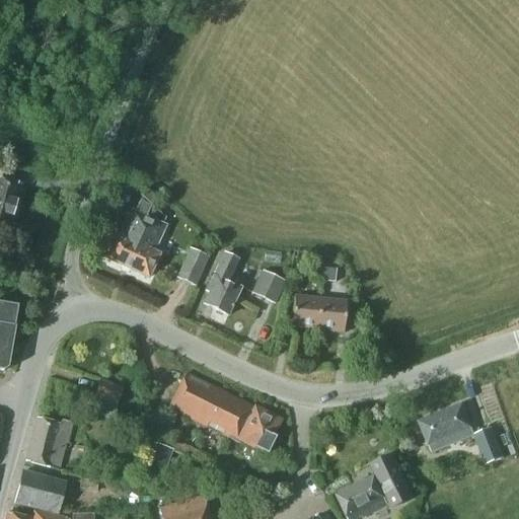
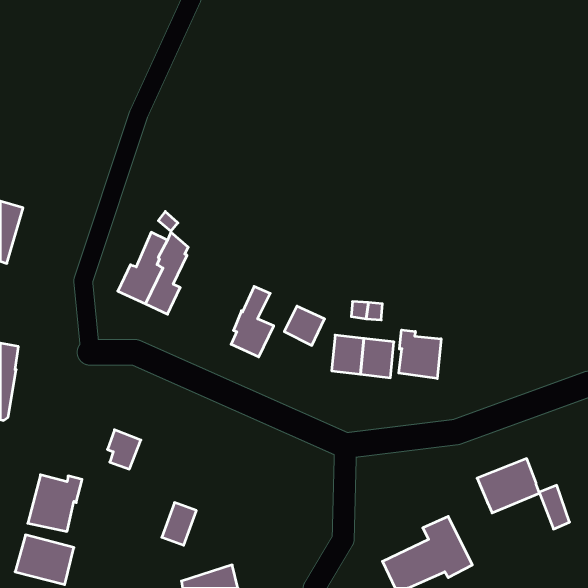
building: [177,246,210,284] -> none
building: none -> [399,330,441,379]
building: [169,371,281,452] -> none

